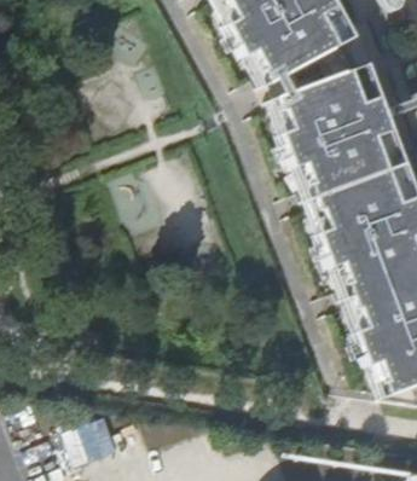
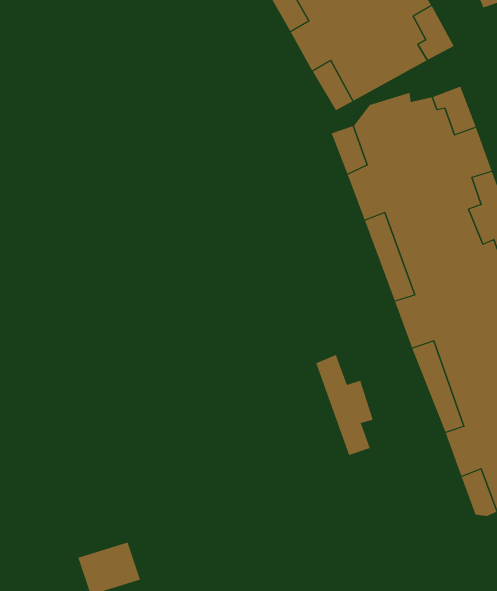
building: none -> [316,354,373,456]

